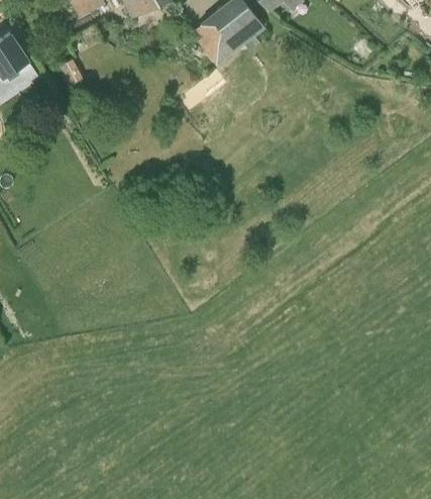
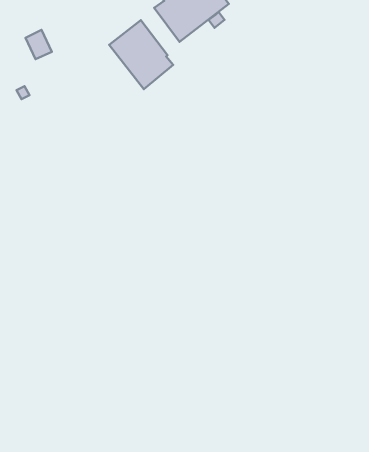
building: none -> [109,20,173,89]

